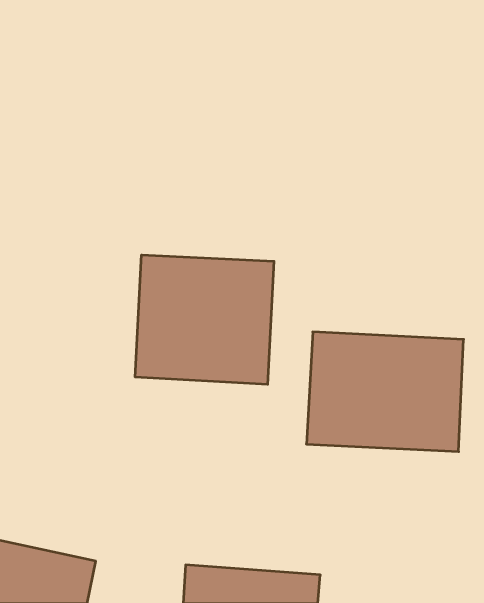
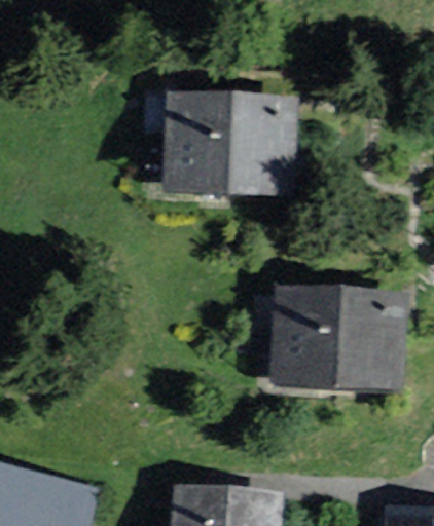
building: none -> [170,100,293,195]
building: [135,255,274,384] -> none

